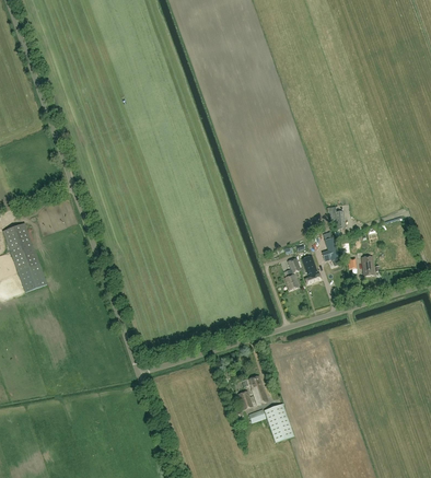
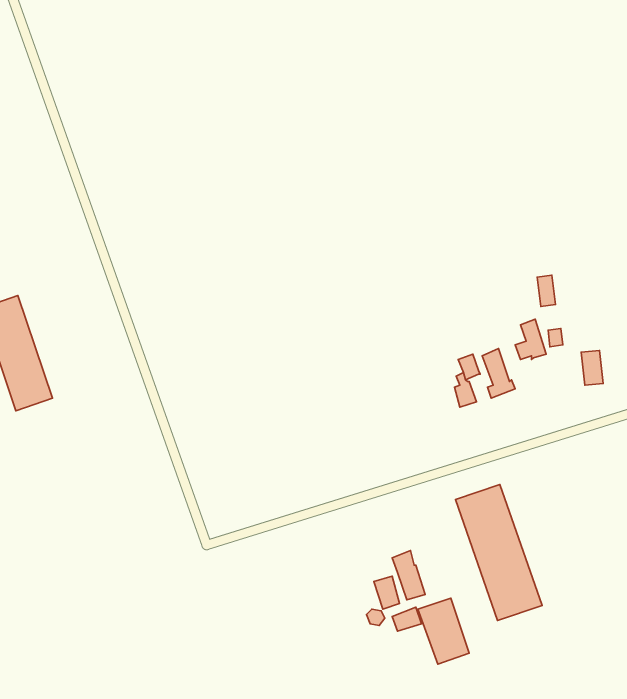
building: none -> [455,484,542,621]

